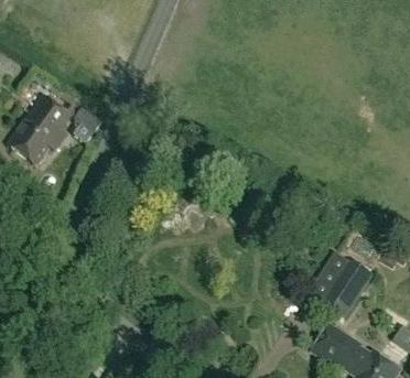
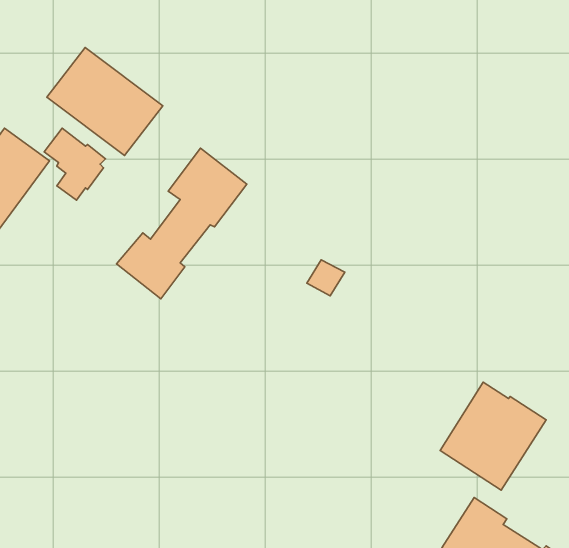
building: none -> [47,47,163,155]
building: none -> [117,148,247,299]

